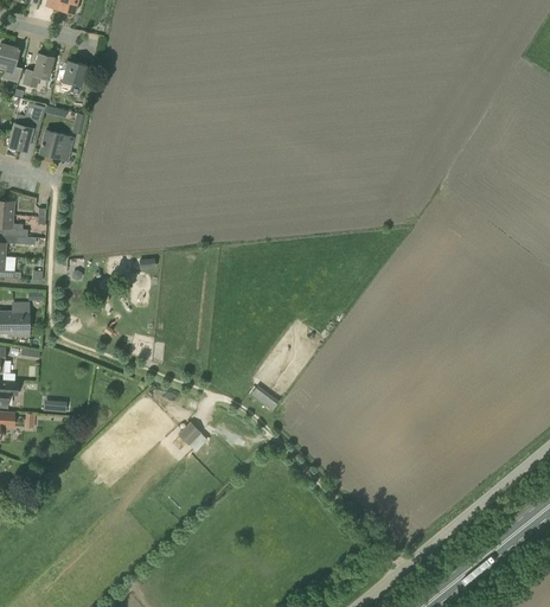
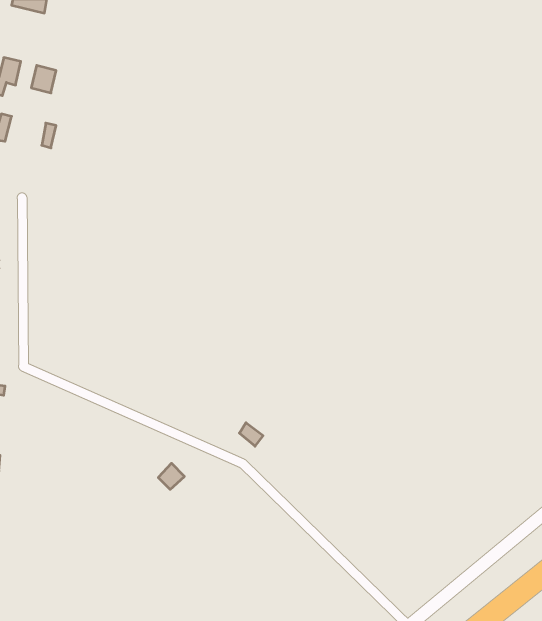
building: [40,130,71,158] -> none

